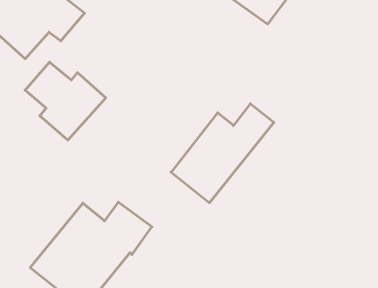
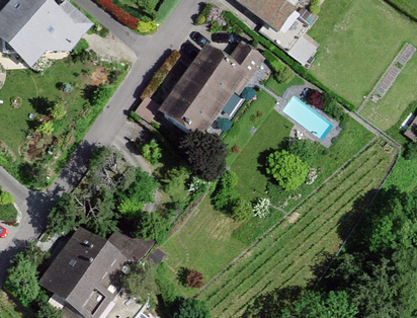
building: [25,62,106,140] -> none
building: [171,104,274,203] -> [160,39,265,141]

